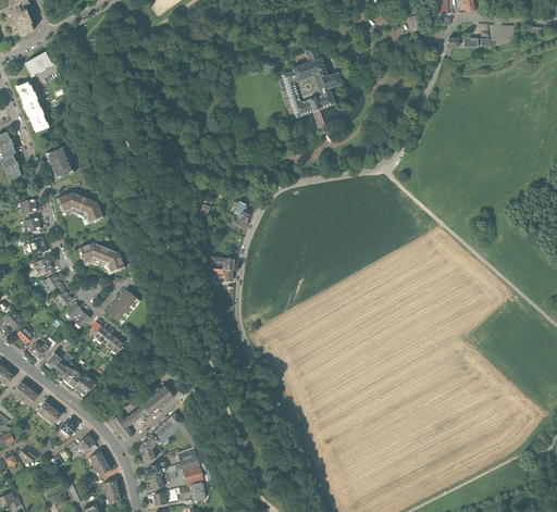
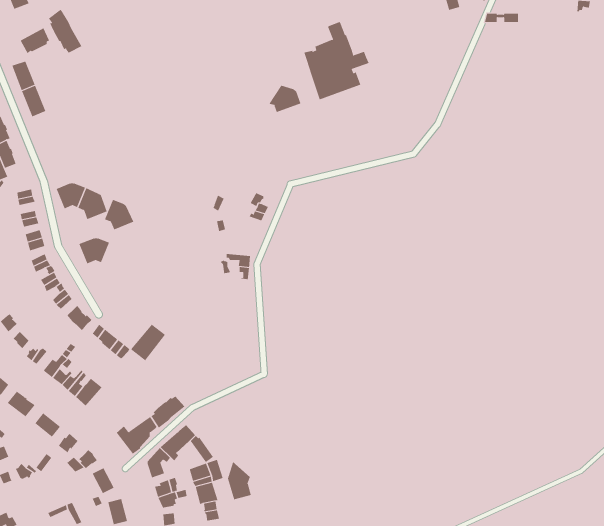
building: none -> [48,9,82,54]
building: none -> [268,85,301,113]
building: [48,147,81,178] -> none
building: [98,247,125,275] -> [104,199,134,230]
building: [106,289,138,323] -> [130,324,166,361]
building: none -> [227,461,252,500]

